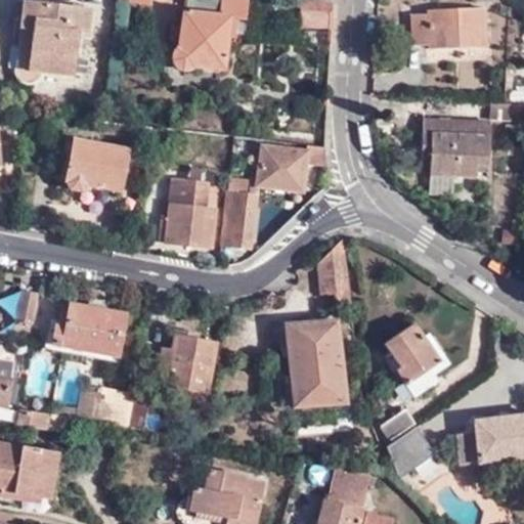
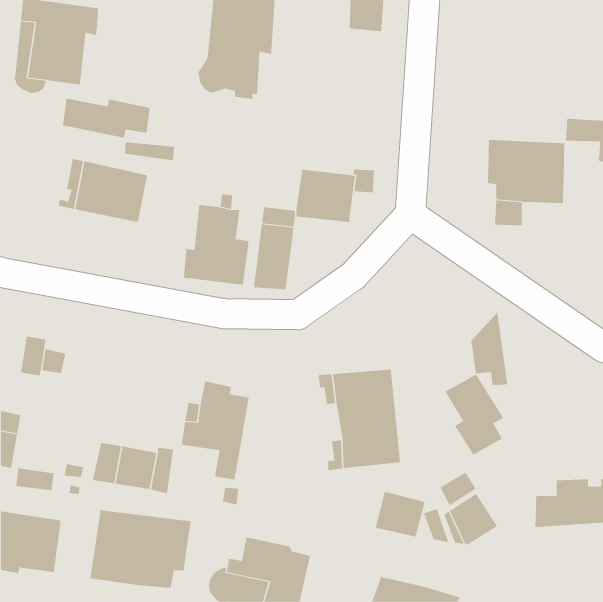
building: [413,8,484,47] -> none
building: none -> [63,98,150,138]
building: [320,239,353,304] -> [470,311,508,386]
building: [52,307,123,356] -> none
building: none -> [90,510,191,589]
building: [333,468,377,508] -> [375,491,426,537]

